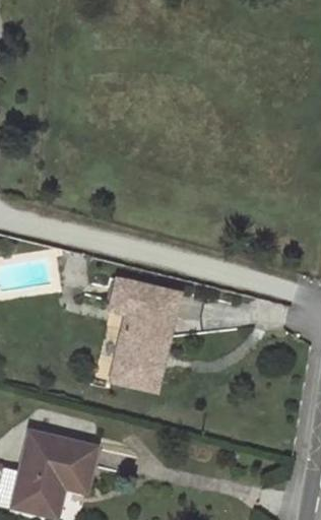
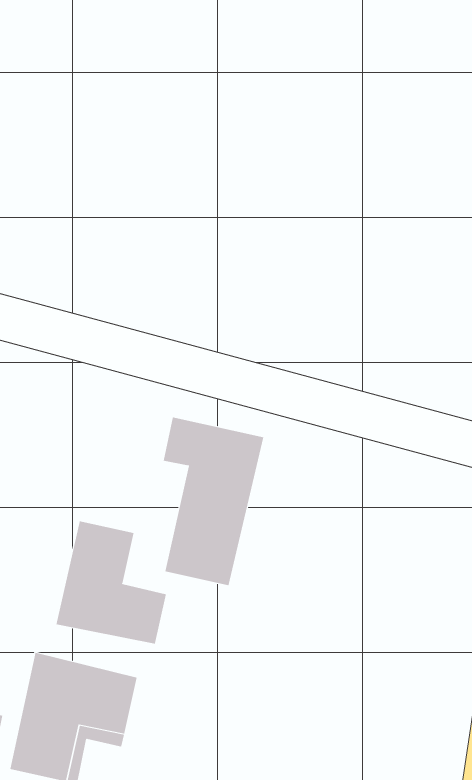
building: none -> [56,520,166,645]

